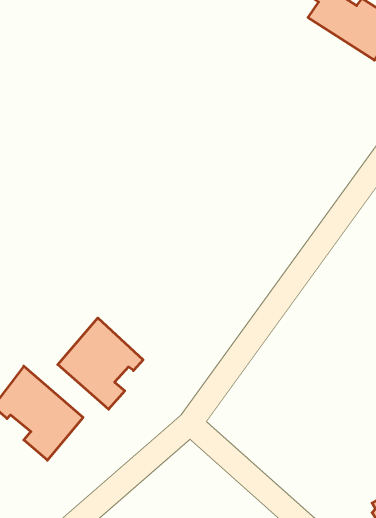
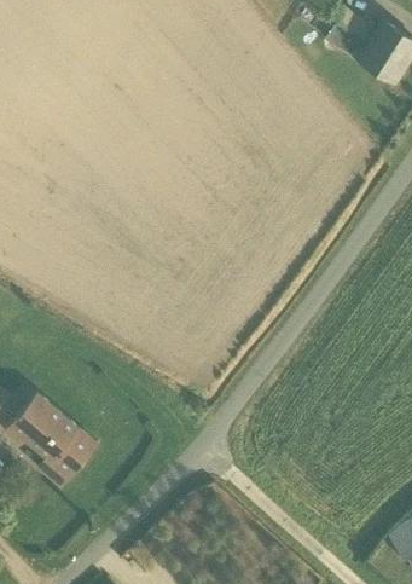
building: [58,318,143,409] -> none

